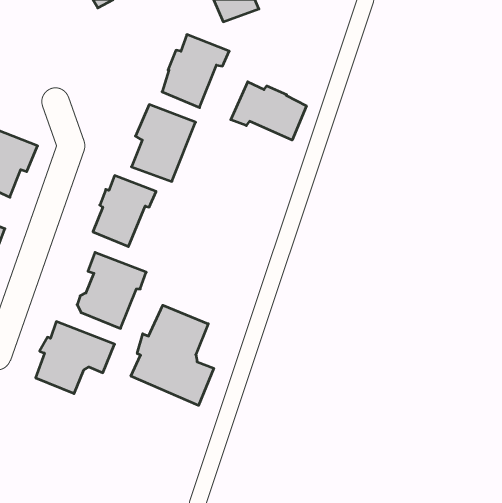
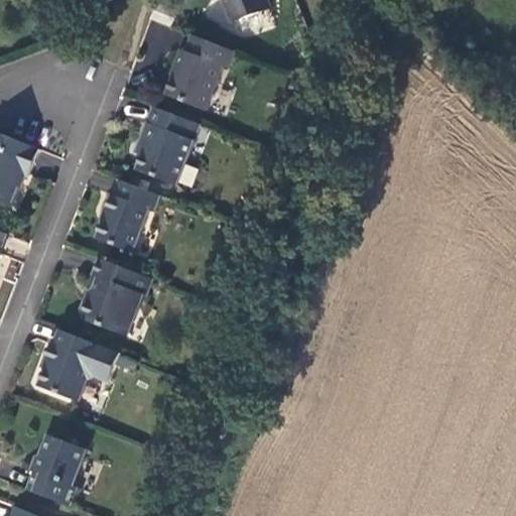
building: [231,82,306,140] -> none
building: [131,305,214,405] -> none
building: none -> [25,435,85,506]

